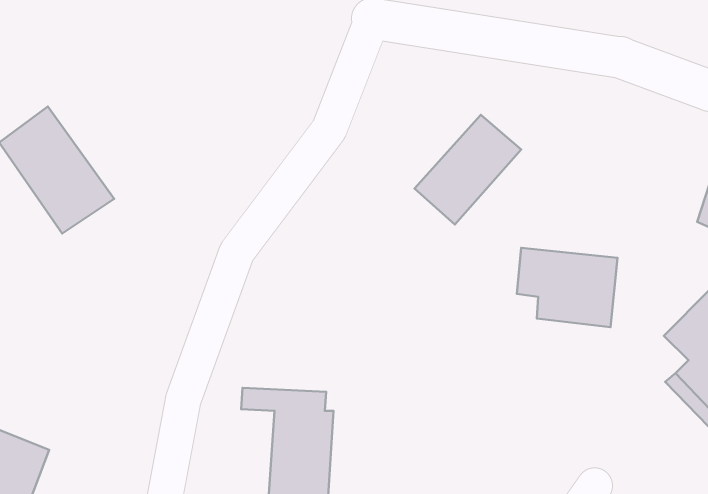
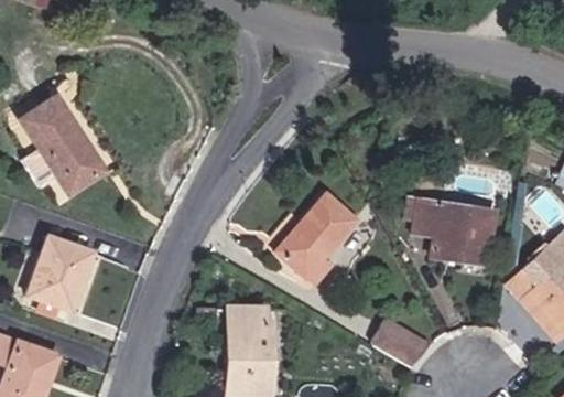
building: [415,115,521,224] -> [274,189,356,272]
building: none -> [30,237,96,310]
building: none -> [373,322,427,368]

